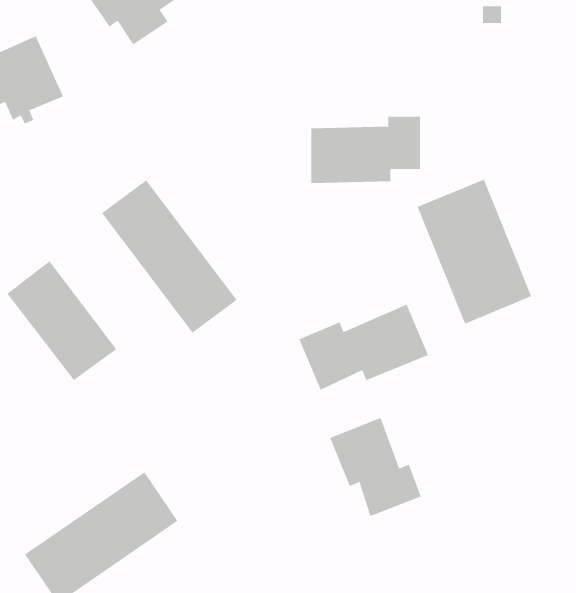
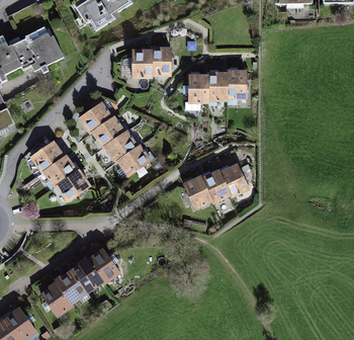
building: none -> [130,47,173,76]
building: [417,179,532,324] -> none
building: [330,417,422,517] -> none

